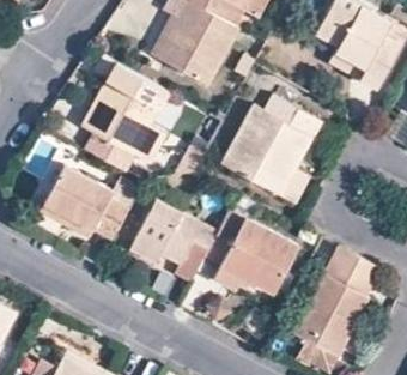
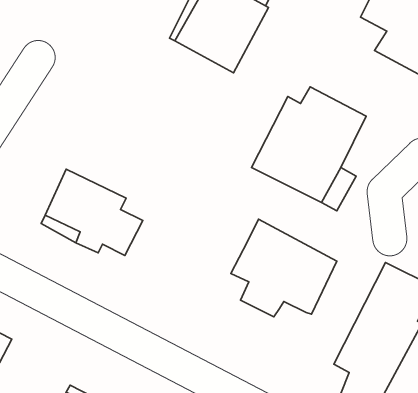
building: [81,58,168,155] -> none
building: [130,196,219,282] -> none

